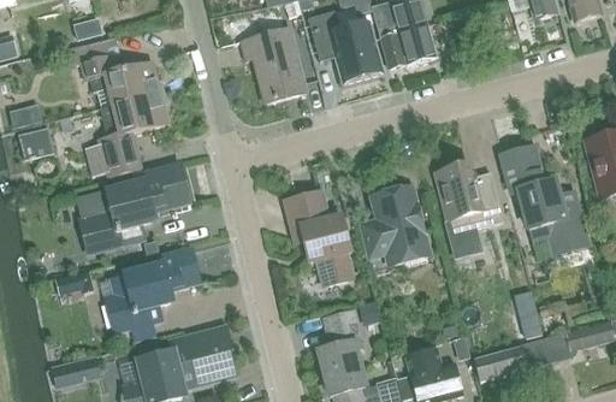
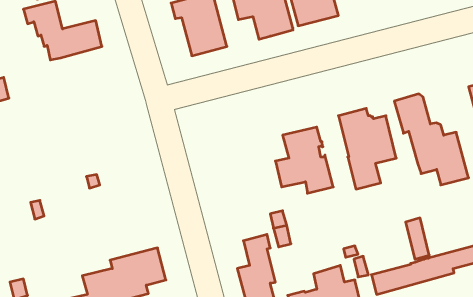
building: [100,91,168,178] -> none
building: [73,164,189,253] -> none
building: [285,191,351,285] -> none
building: [100,249,199,342] -> none

